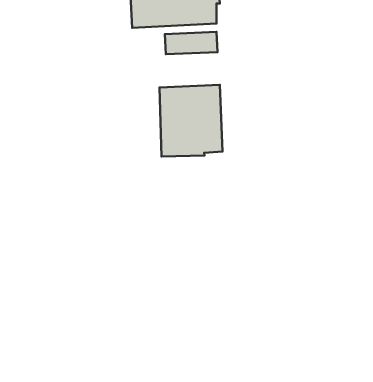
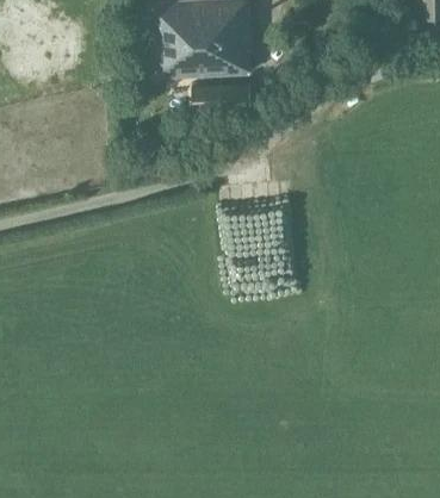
building: [159,85,223,156] -> none

